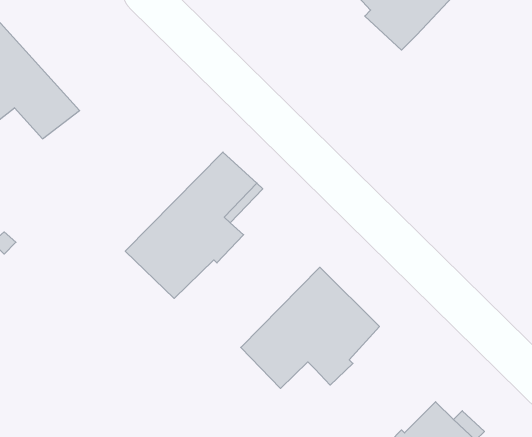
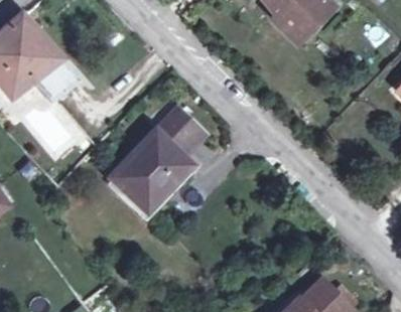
building: [241,267,379,388] -> none

